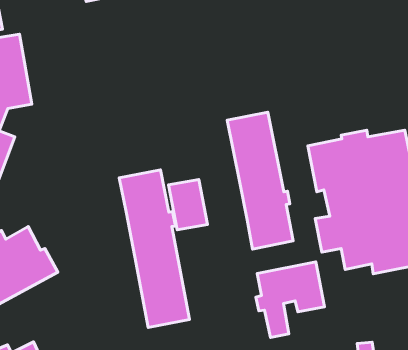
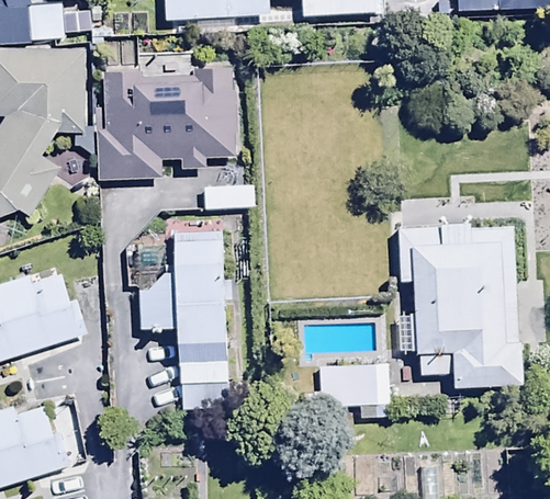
building: none -> [94,66,235,177]
building: [227,112,293,249] -> none
building: [168,179,207,230] -> [139,272,178,327]

